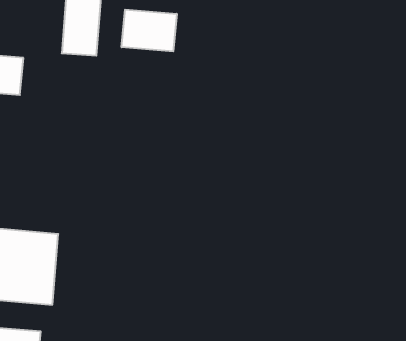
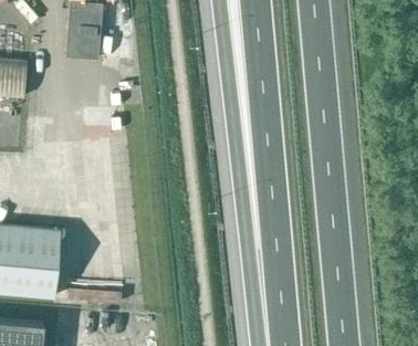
building: [122,10,177,51] -> none

